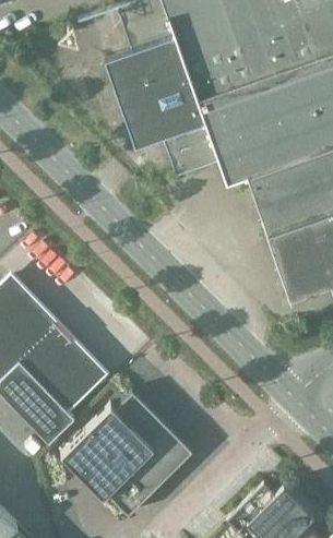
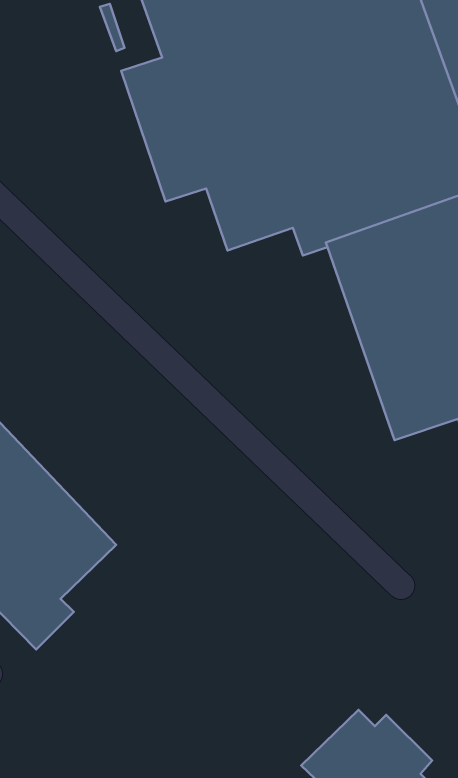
building: [61,393,186,518] -> none

